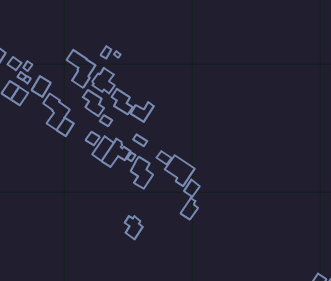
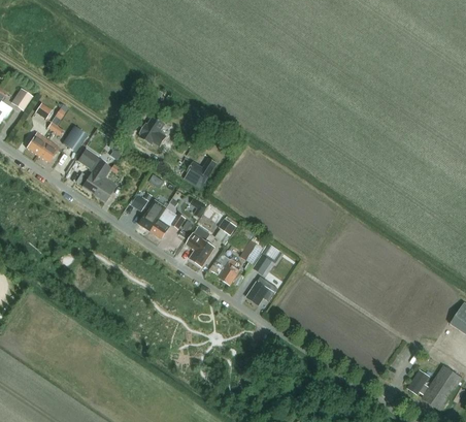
building: [67,50,95,88] -> none
building: [112,89,133,114] -> none
building: [83,90,104,116] -> none
building: [125,216,143,239] -> [219,256,241,285]

